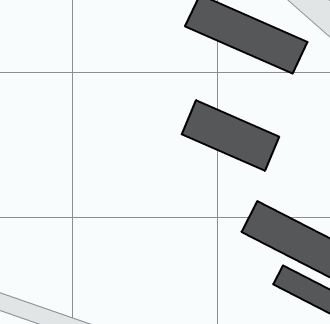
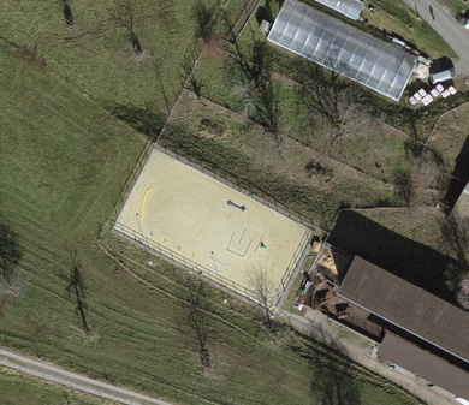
building: [182,100,279,171] -> none

